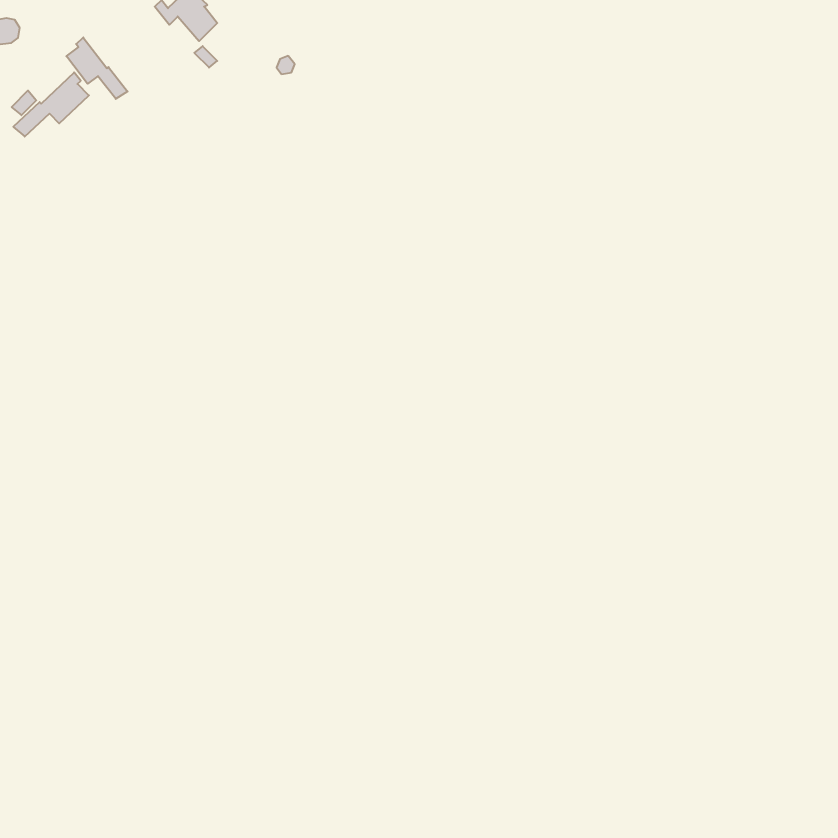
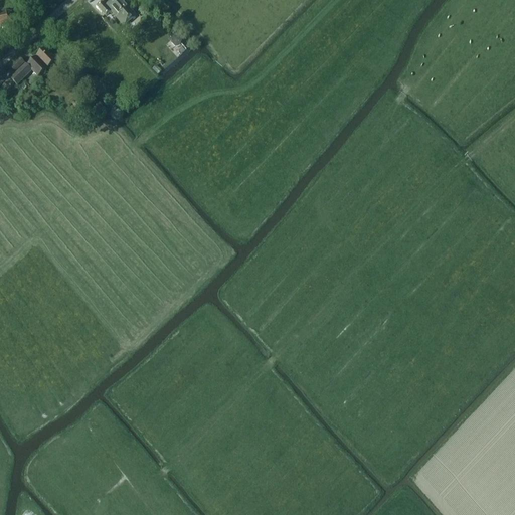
building: [66,37,128,99] -> none

